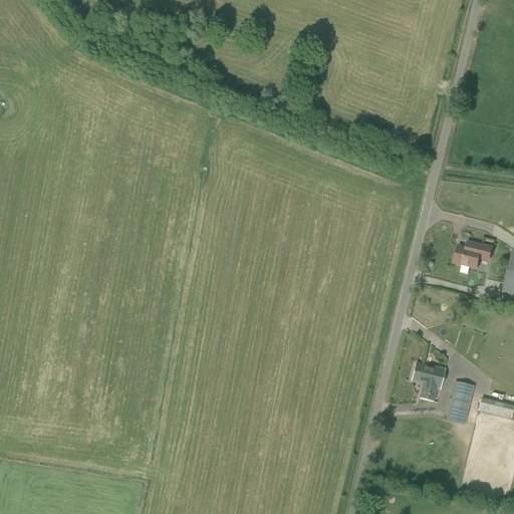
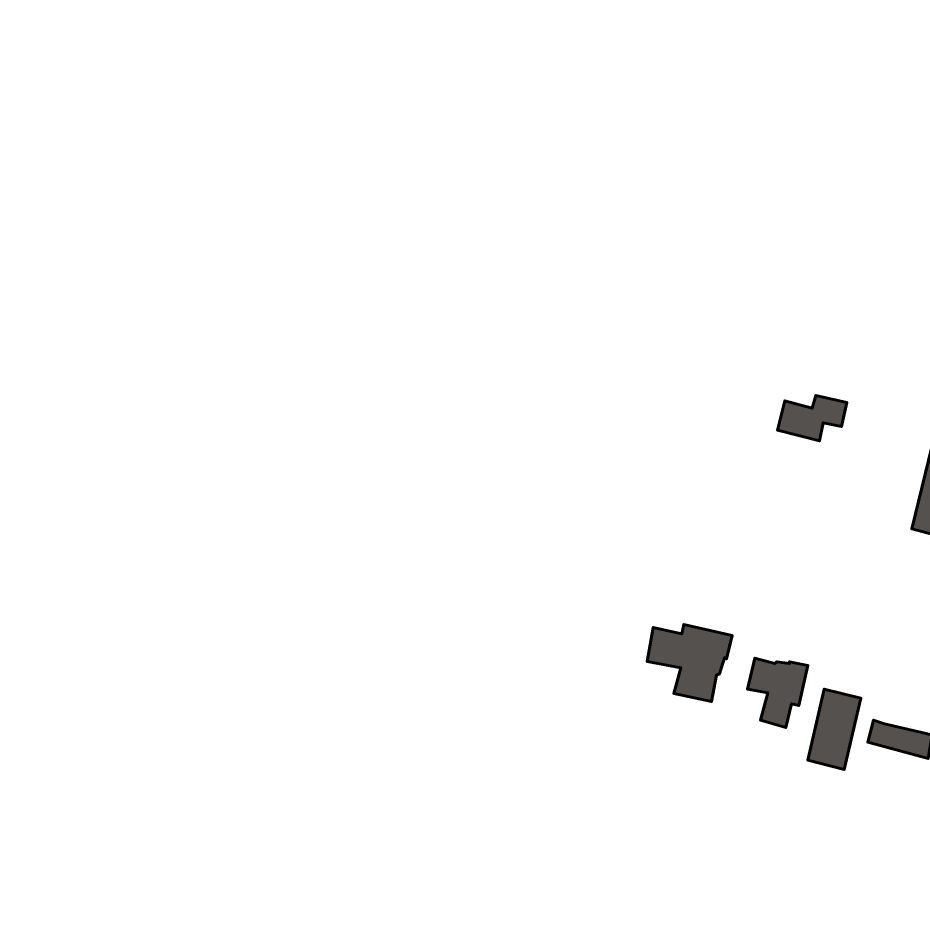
building: [455,241,493,266] -> [778,395,847,441]
building: none -> [647,624,732,702]

